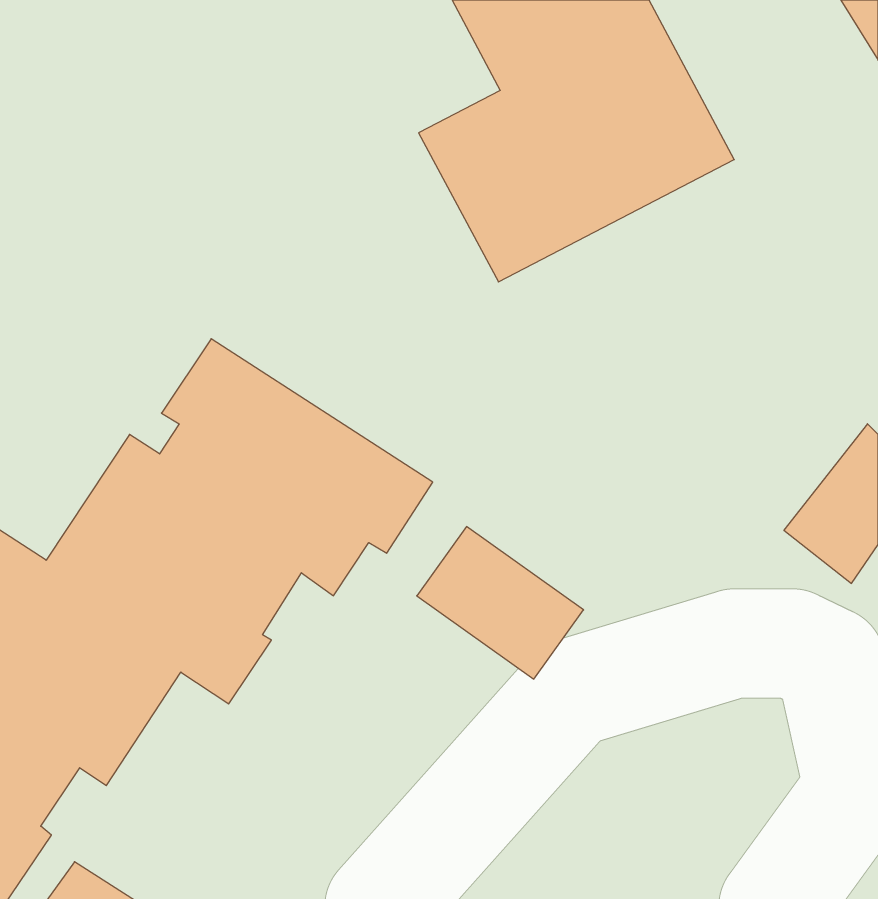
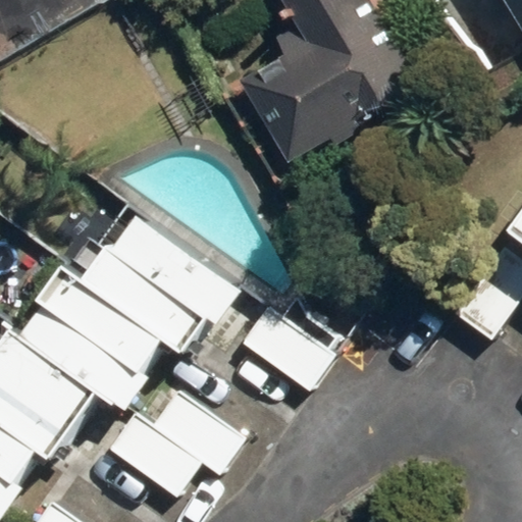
building: none -> [109,388,246,497]

